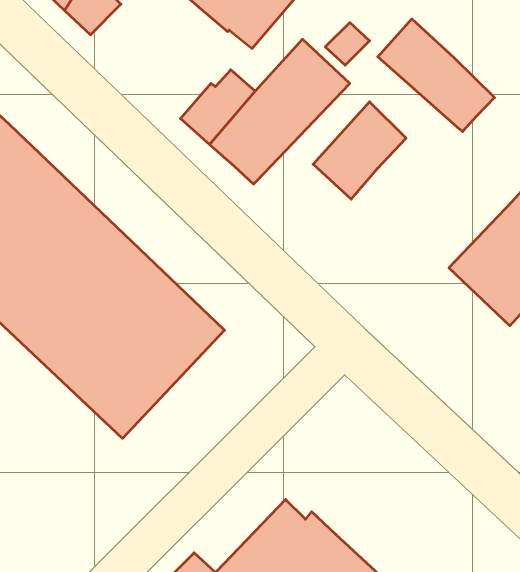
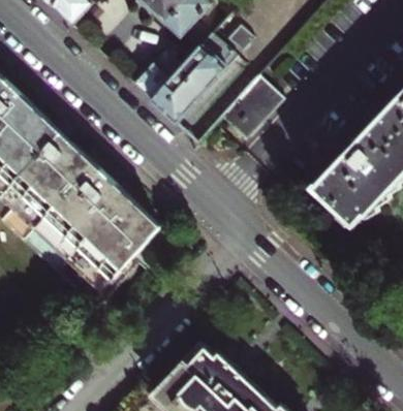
building: [378,19,495,132] -> none

